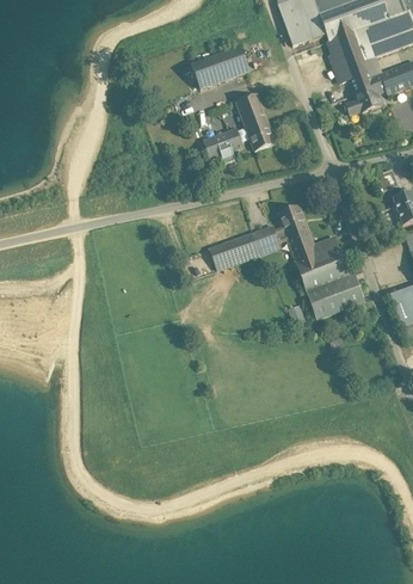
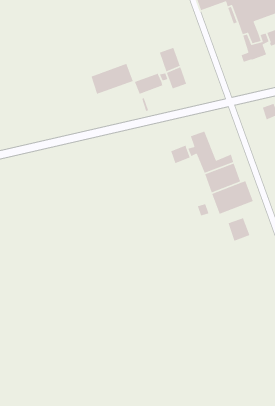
building: [190,45,248,88] -> [90,63,134,95]
building: [209,233,258,269] -> none
building: none -> [227,217,251,242]

